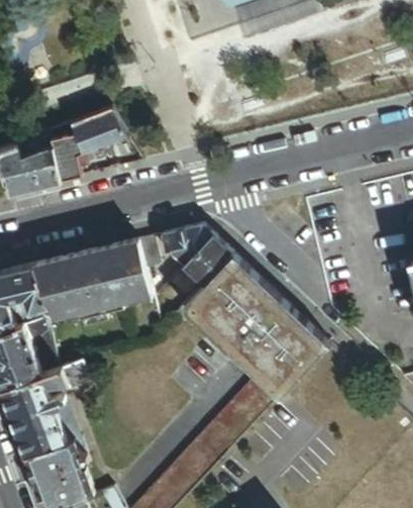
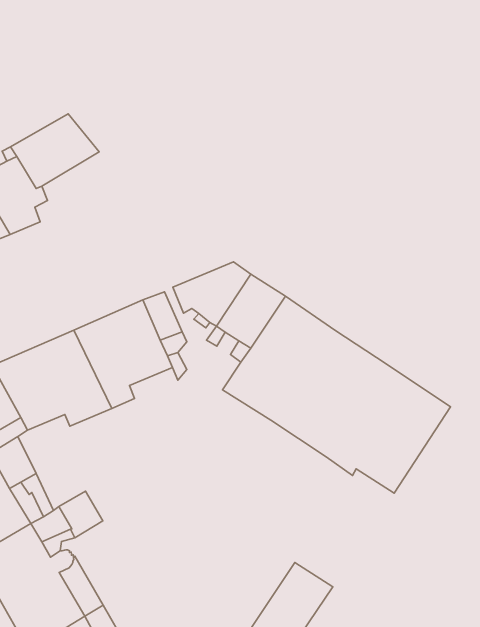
building: [205,376,278,450] -> none

